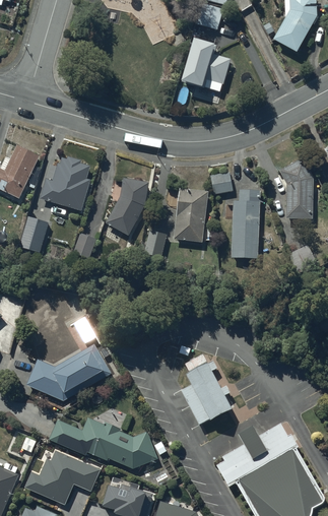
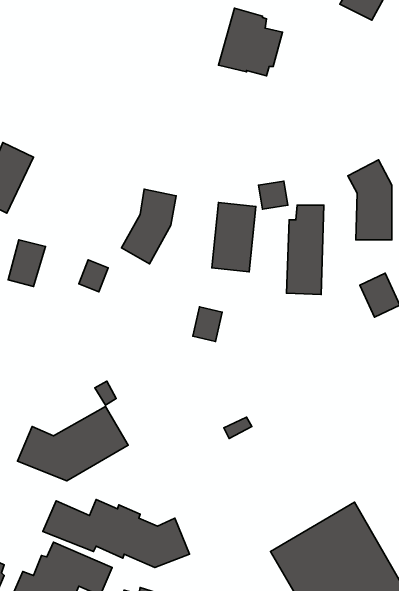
building: [40,156,90,216] -> none
building: [144,231,167,257] -> [193,307,222,342]
building: [182,361,233,425] -> none

